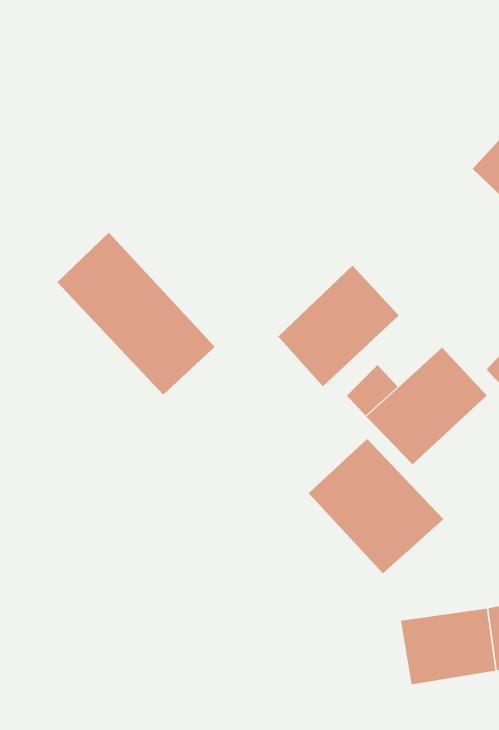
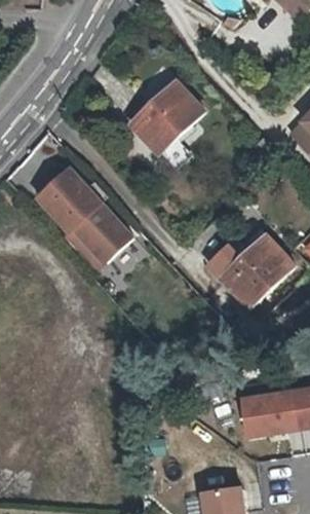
building: [277,265,399,387] -> [131,82,203,154]
building: [308,438,444,574] -> none

